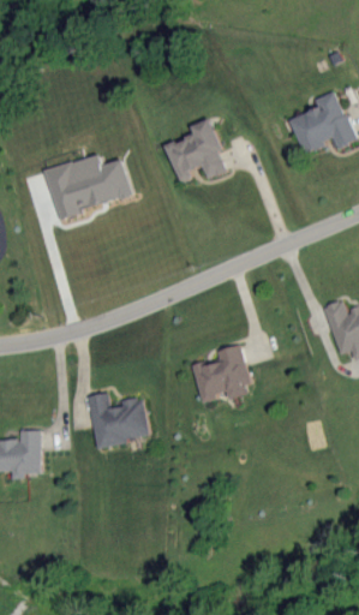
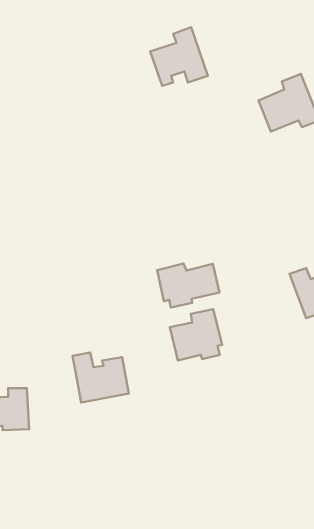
building: [166,119,228,183] -> [150,27,208,86]
building: [46,155,132,221] -> none
building: none -> [157,263,219,308]

